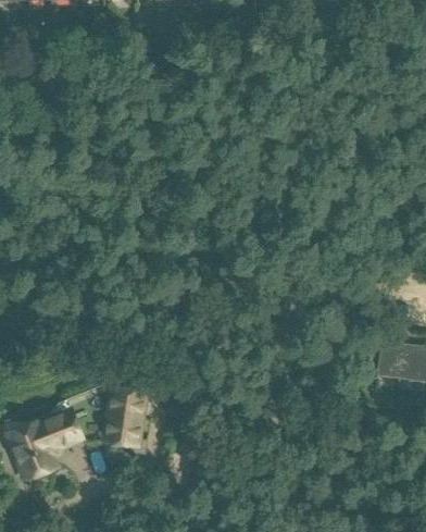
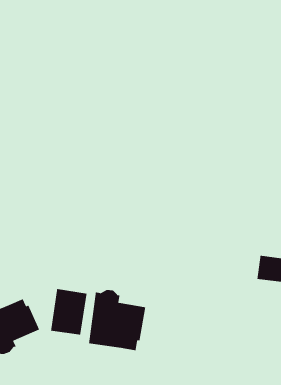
building: none -> [88,289,146,351]

